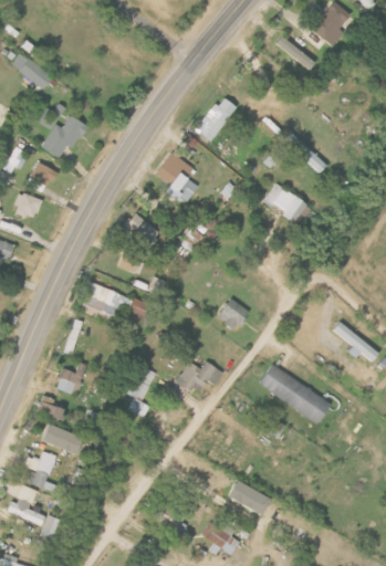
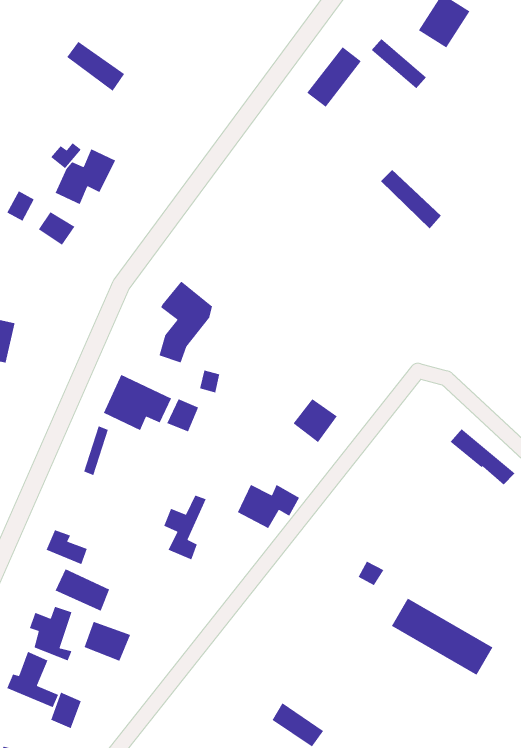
building: [10,52,53,90] -> [66,41,125,92]
building: [196,95,237,140] -> [306,46,362,108]
building: [154,153,199,202] -> none
building: [262,184,303,218] -> none
building: [13,192,41,220] -> none
building: [55,363,86,396] -> none
building: [257,365,332,422] -> [391,597,493,676]
building: none -> [84,621,131,662]
building: [230,481,272,514] -> none

